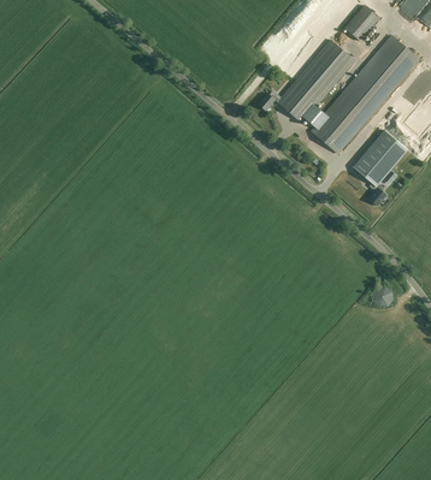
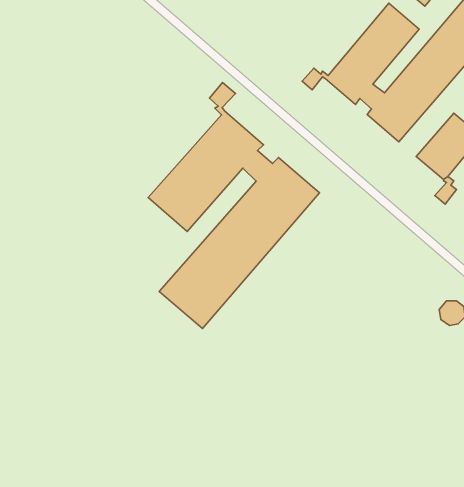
building: none -> [148,82,319,329]

